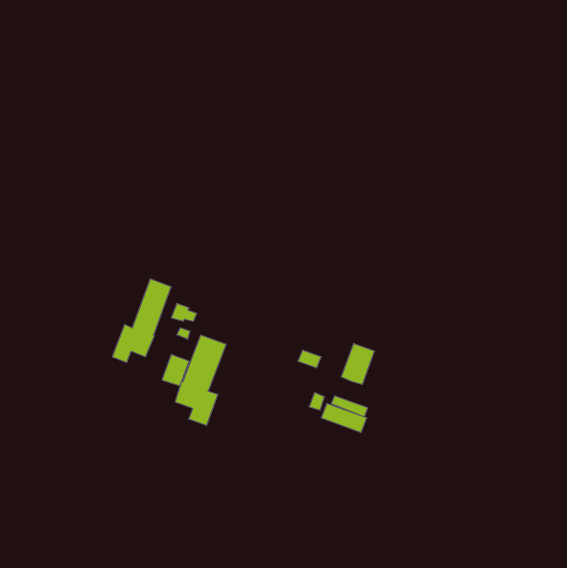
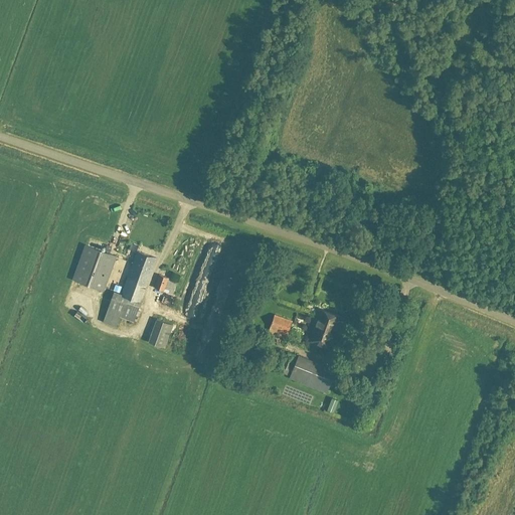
building: none -> [71,245,116,292]
building: [175,335,226,426] -> none

